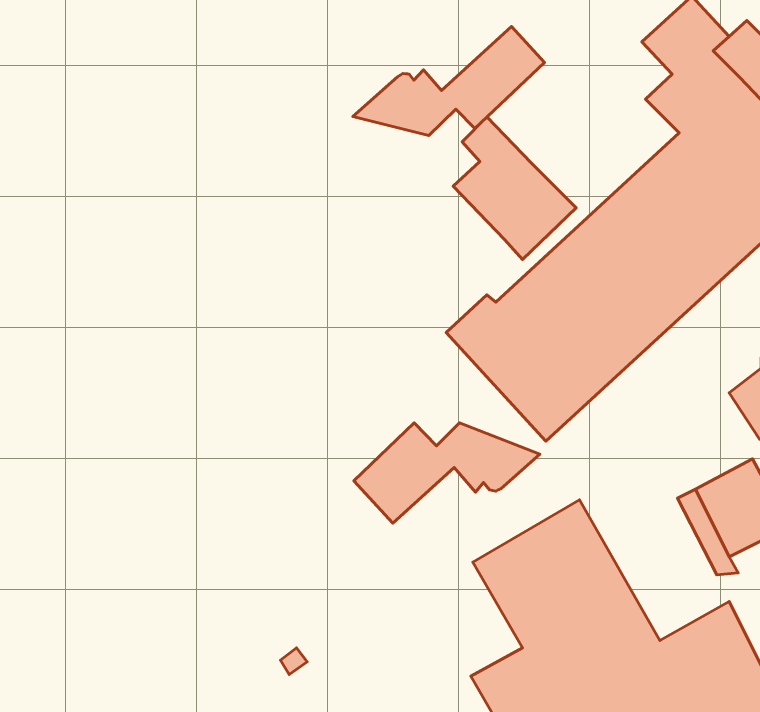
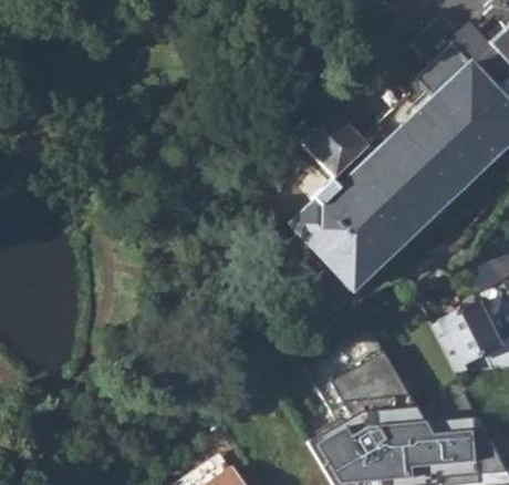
building: [353,27,545,135] -> none
building: [354,423,540,523] -> none

